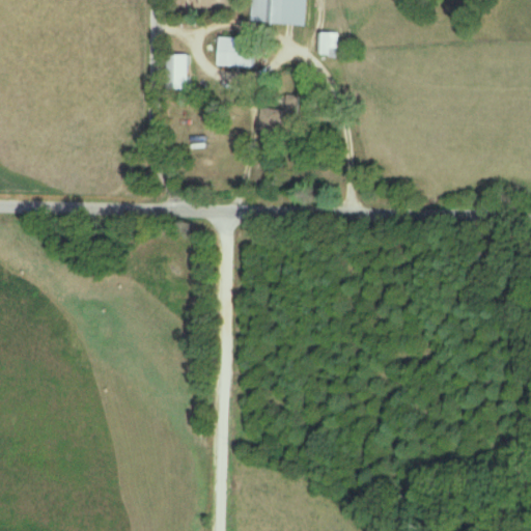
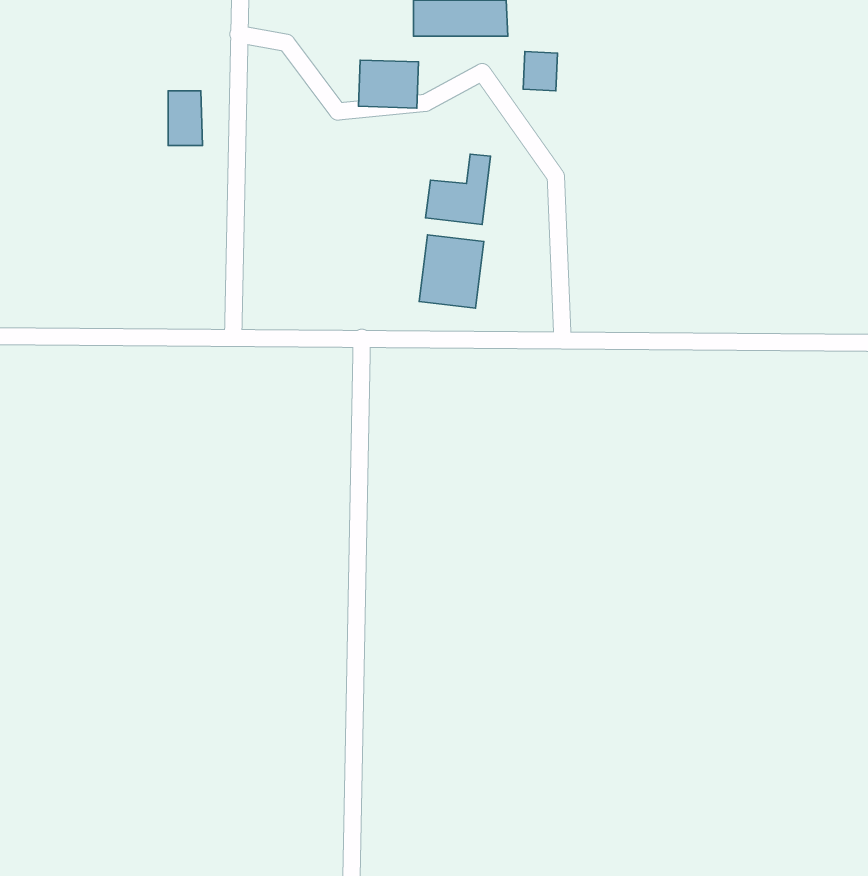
building: [167,55,188,88] -> [168,91,202,146]
building: none -> [419,235,484,308]

